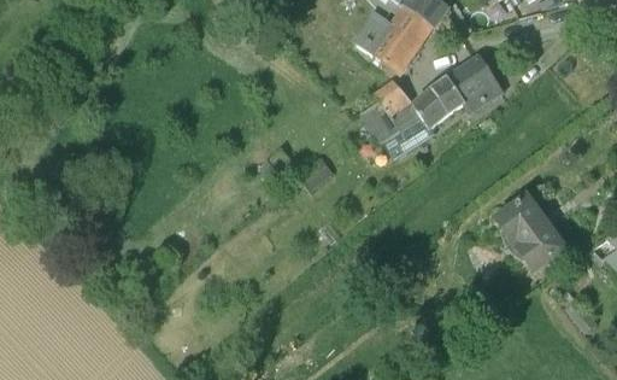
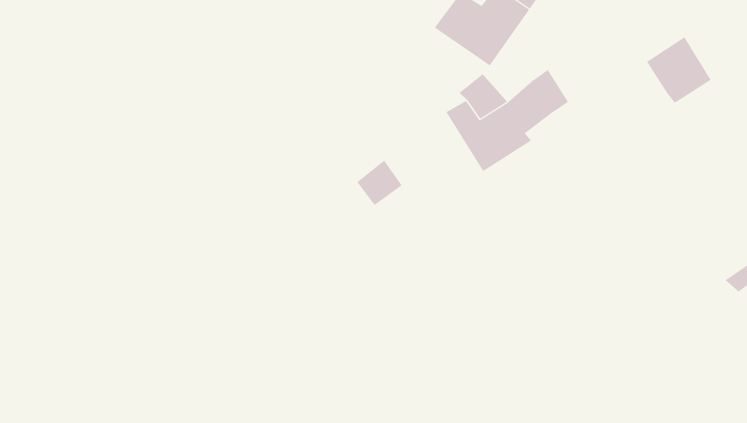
building: [447,55,500,110] -> [646,37,712,103]
building: [495,192,566,269] -> none

